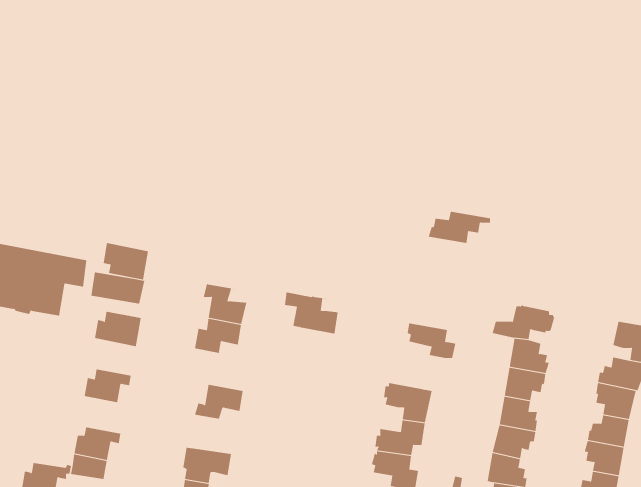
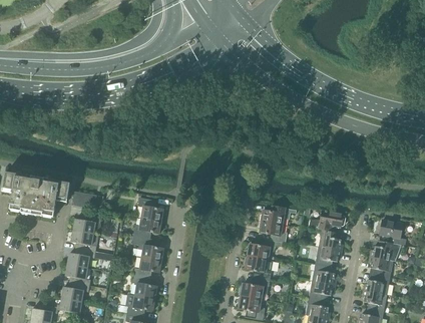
building: [428,211,491,244] -> [260,206,297,225]
building: [103,243,149,280] -> [72,230,99,252]
building: [284,292,339,334] -> [132,236,164,261]
building: none -> [247,239,282,260]
building: none -> [66,264,91,286]
building: none -> [132,275,157,298]

